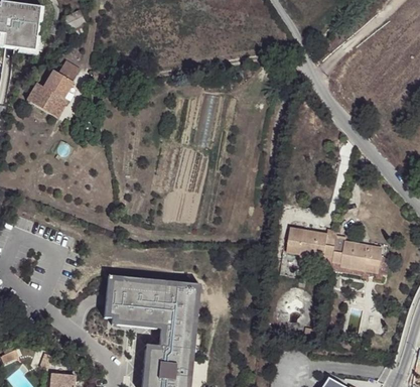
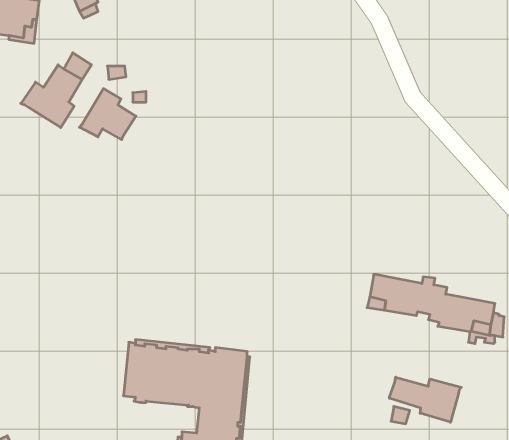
building: none -> [79,89,136,140]
building: none -> [389,377,461,422]

